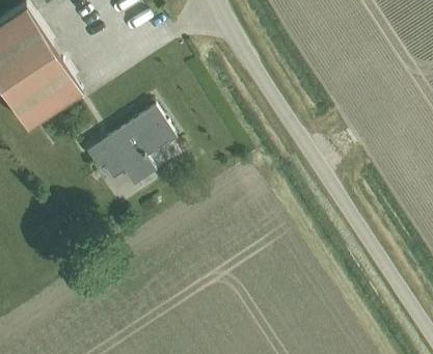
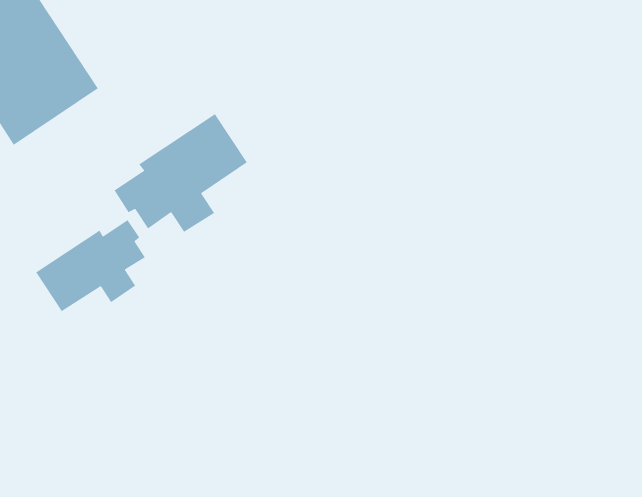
building: none -> [35,219,146,312]

